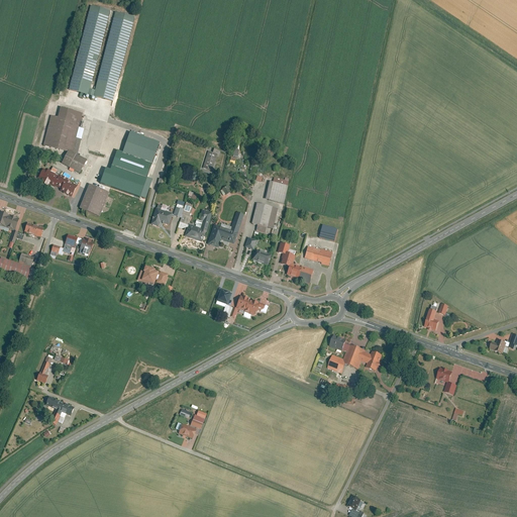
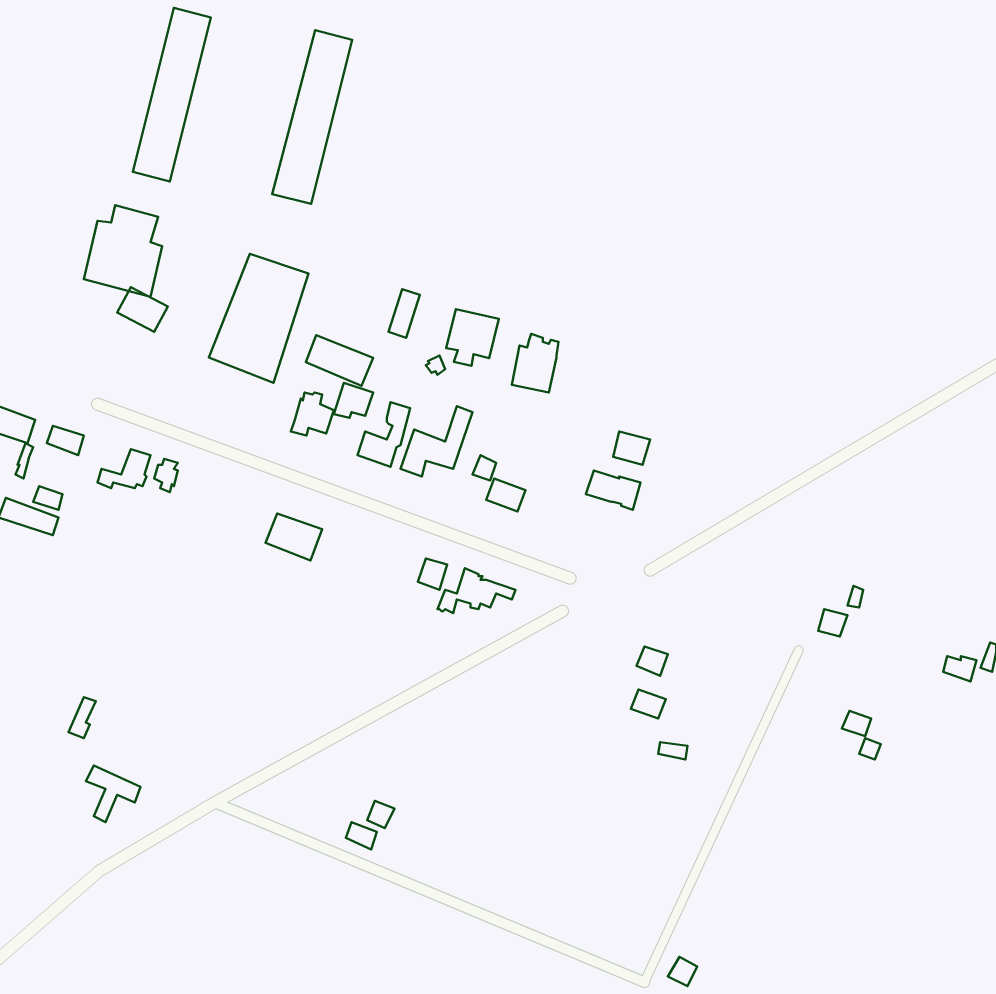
building: [93,10,134,100] -> [272,30,352,204]
building: [38,167,77,196] -> none
building: none -> [306,335,373,386]
building: [79,182,109,215] -> none
building: [251,202,279,231] -> [446,309,499,366]
building: [278,241,313,283] -> none
building: [342,344,380,373] -> none

